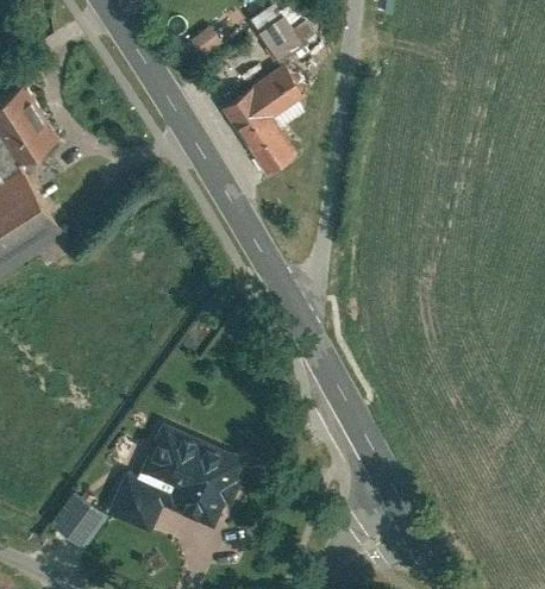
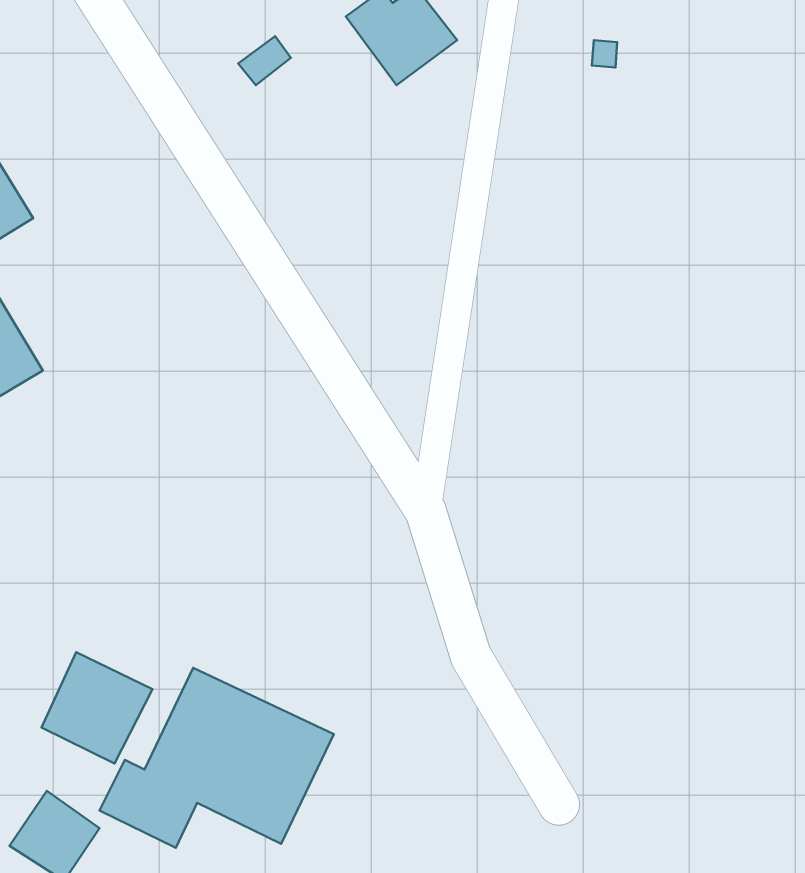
building: [221,67,308,177] -> none
building: none -> [41,652,153,763]

